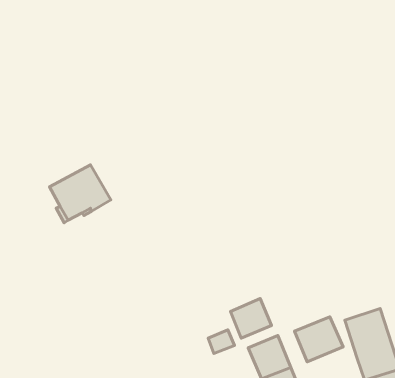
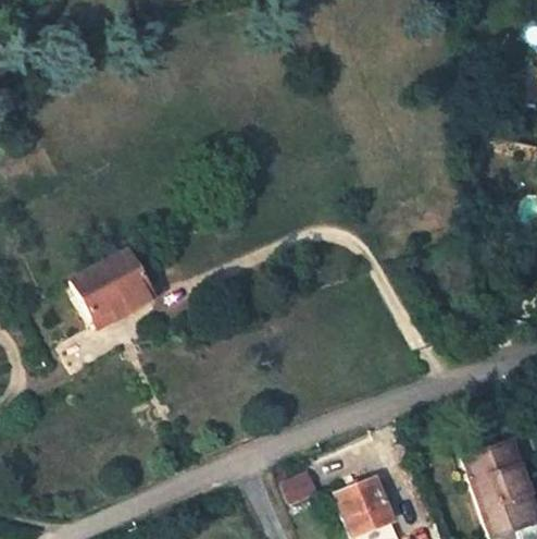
building: [230,299,271,338] -> none
building: [295,317,343,362] -> none

